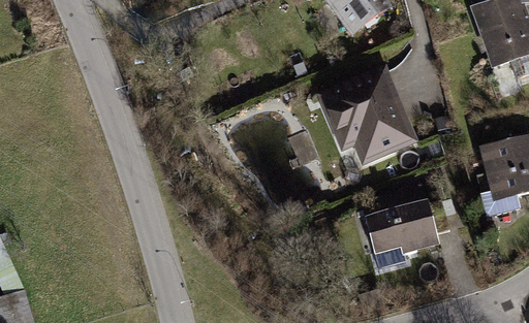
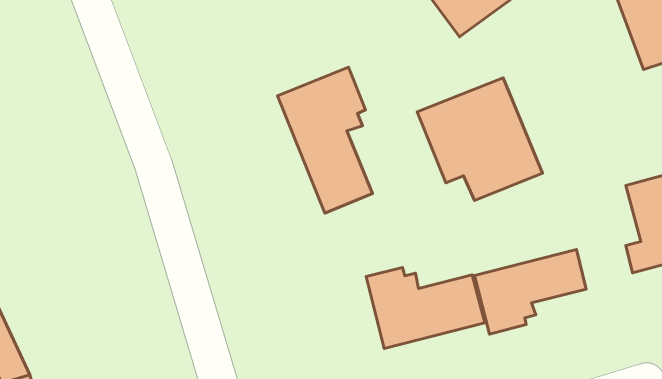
building: none -> [277,67,372,213]
building: none -> [366,268,485,348]

